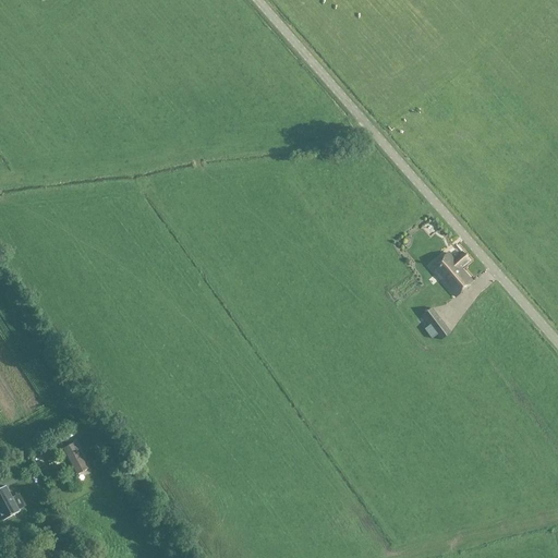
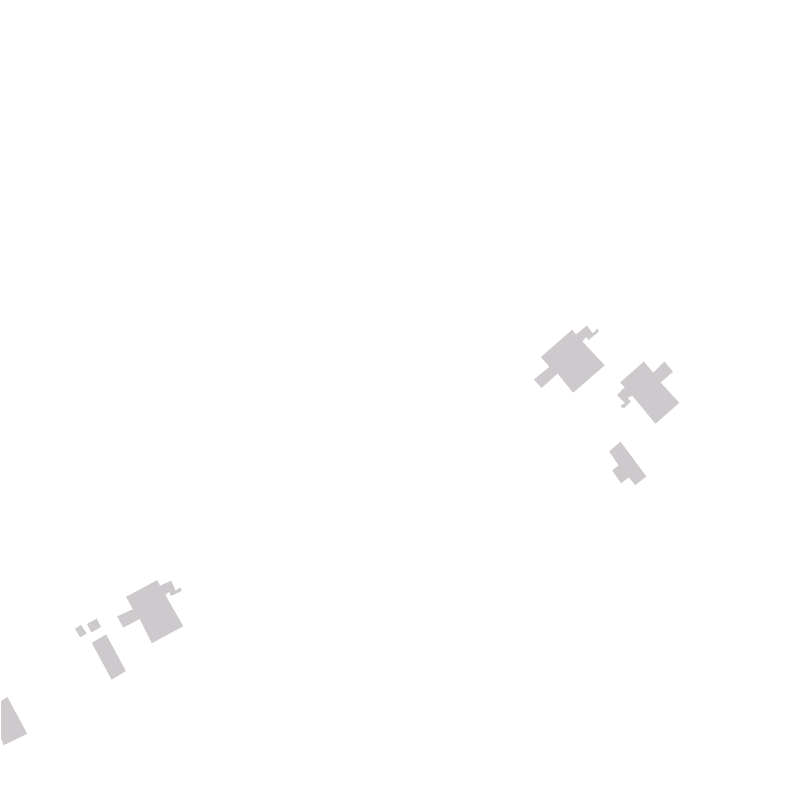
building: none -> [533,324,606,394]
building: none -> [116,579,184,644]

